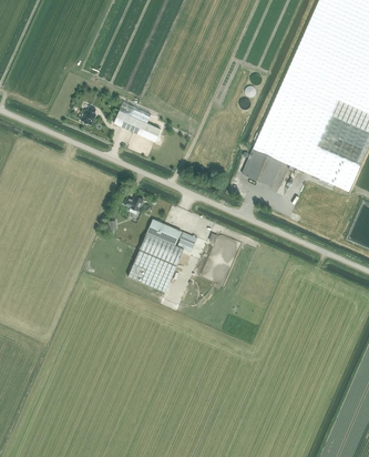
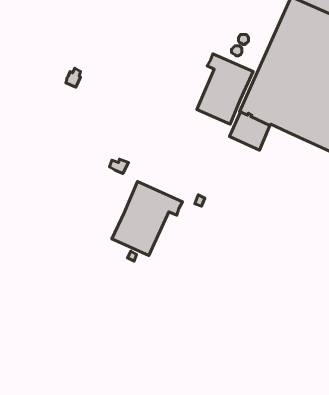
building: none -> [197,54,253,124]
building: [113,102,161,141] -> none

